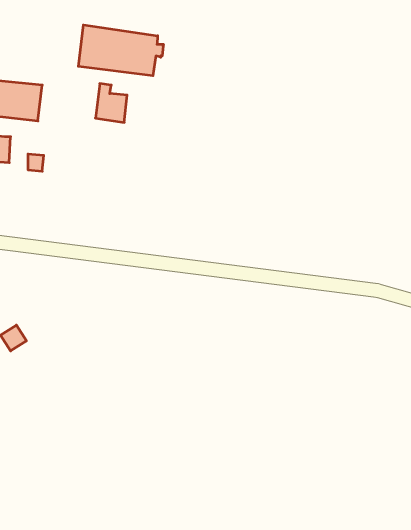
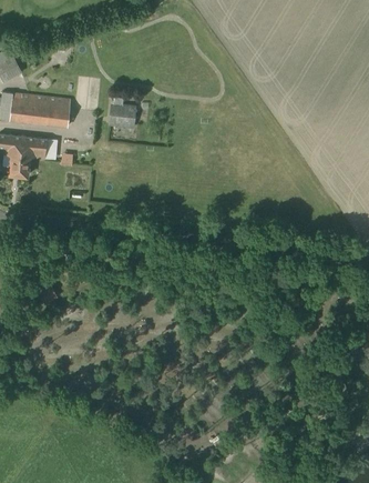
building: [78,25,163,76] -> none

